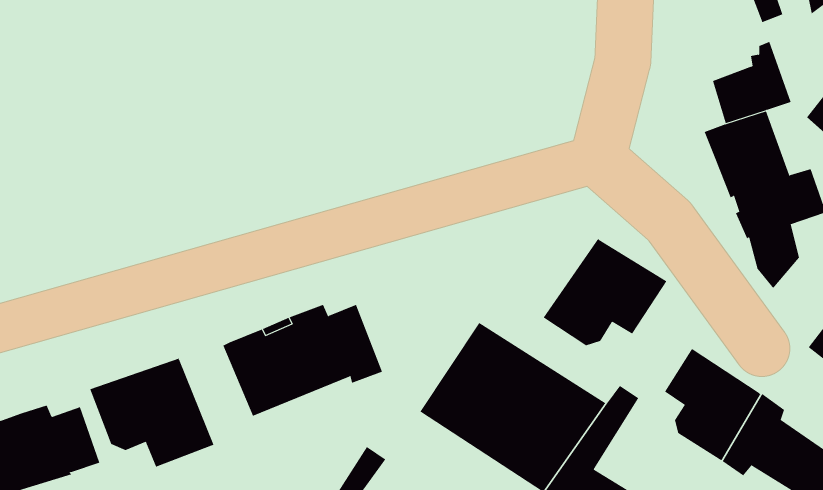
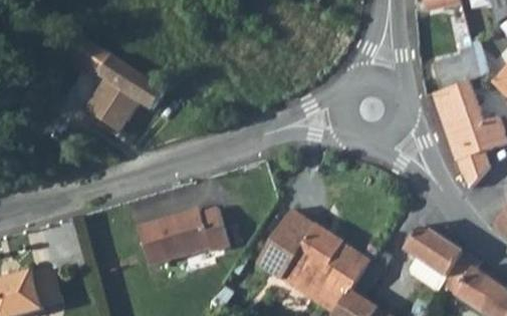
building: none -> [69,36,166,133]
building: [543,237,668,346] -> none
building: [90,357,216,467] -> none

